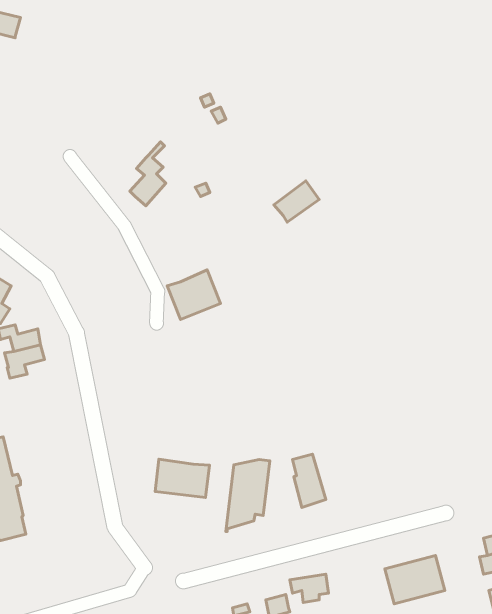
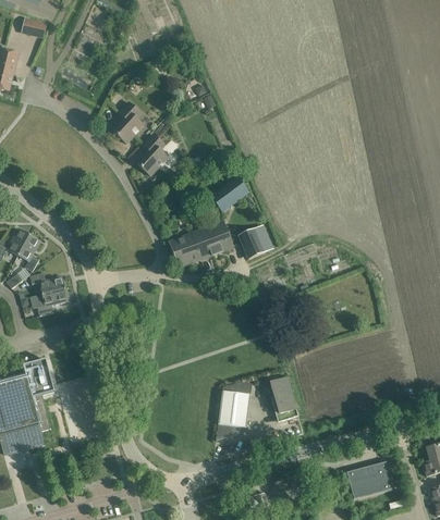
building: none -> [113,101,144,143]
building: [274,181,319,222] -> [211,176,248,210]
building: none -> [200,220,232,255]
building: none -> [237,224,272,257]
building: [155,459,209,498] -> none

